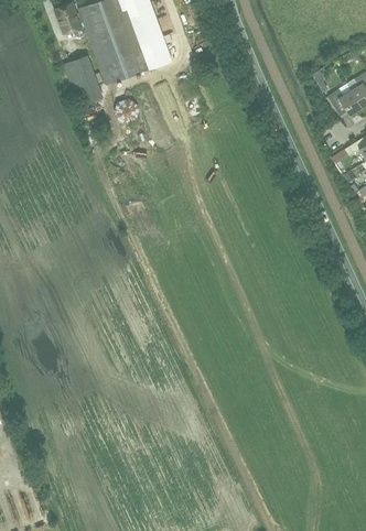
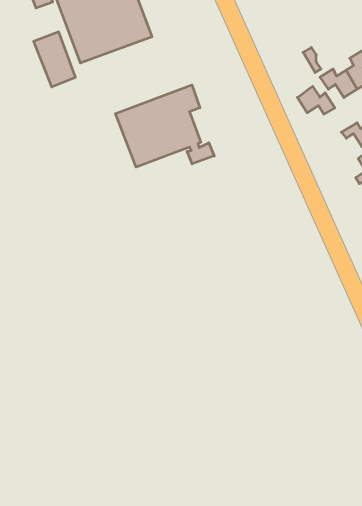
building: none -> [115,85,214,167]
building: none -> [297,86,335,114]

